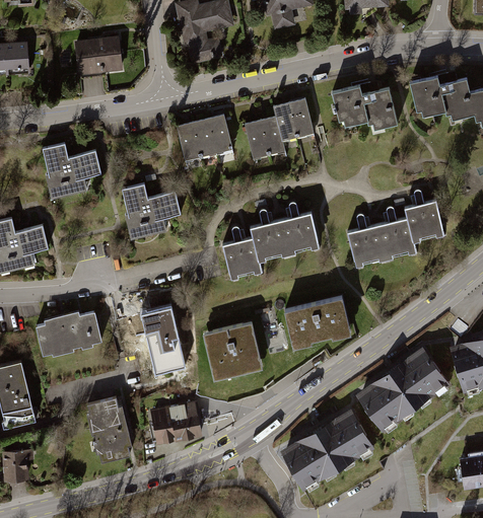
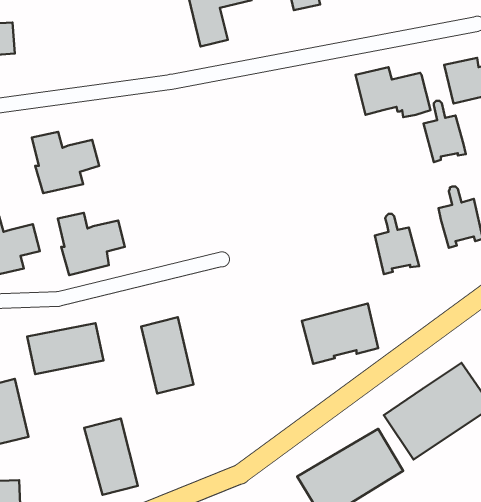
building: [77,35,127,74] -> none
building: [245,98,314,160] -> none
building: [182,116,236,162] -> none
building: [122,181,182,237] -> [58,213,125,275]
building: [222,201,318,276] -> none
building: [377,206,415,261] -> [424,101,466,162]
building: [201,320,261,379] -> none
building: [145,397,203,441] -> none

